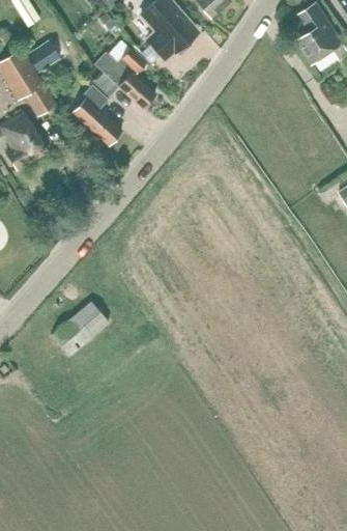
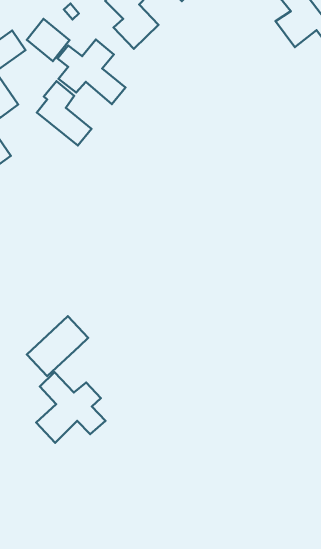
building: none -> [27,19,70,61]
building: none -> [36,372,105,443]

